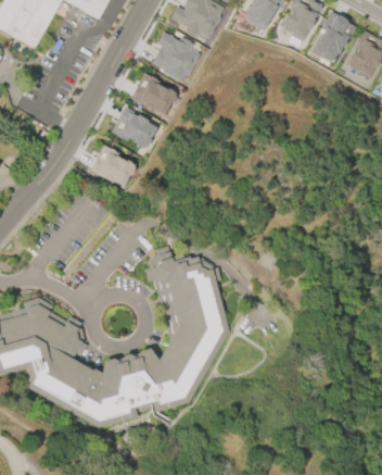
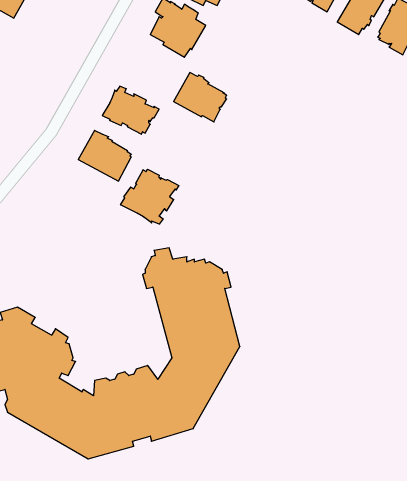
building: [130,73,176,115] -> [174,73,227,122]
building: none -> [121,169,179,224]

